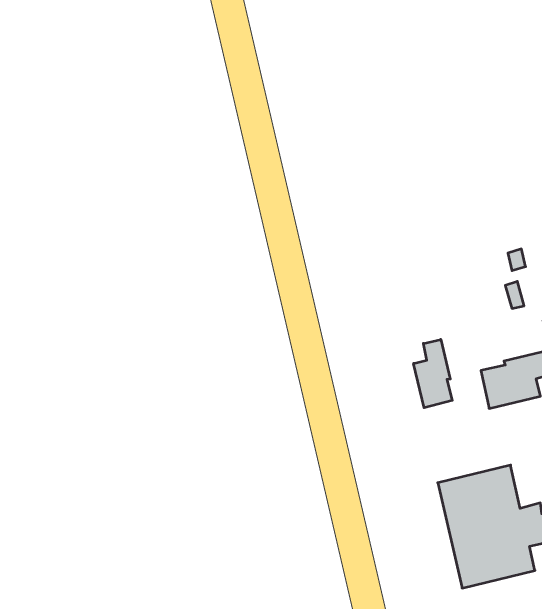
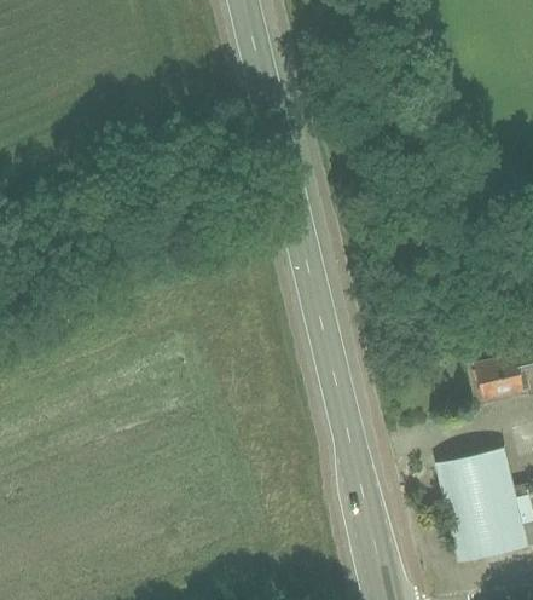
building: [414,339,452,408] -> none

